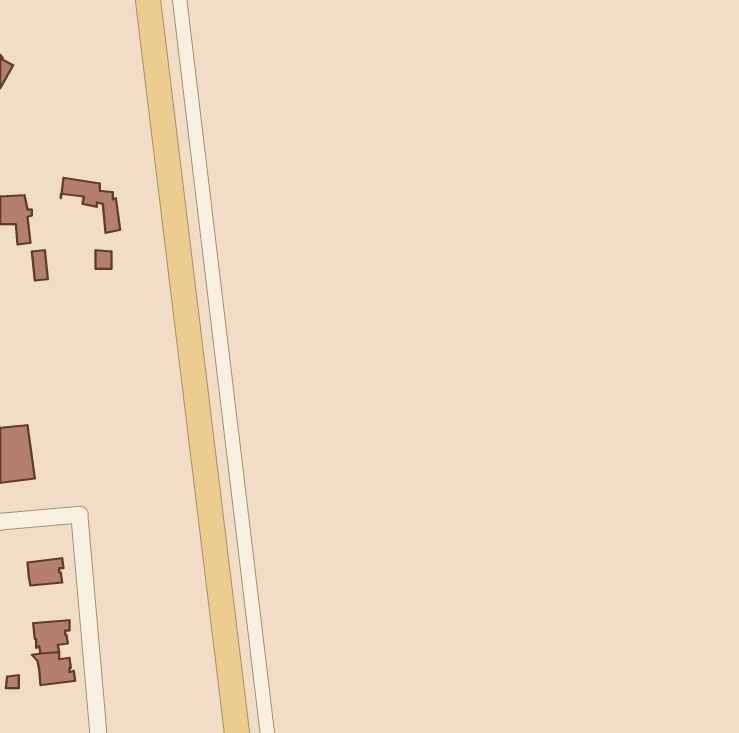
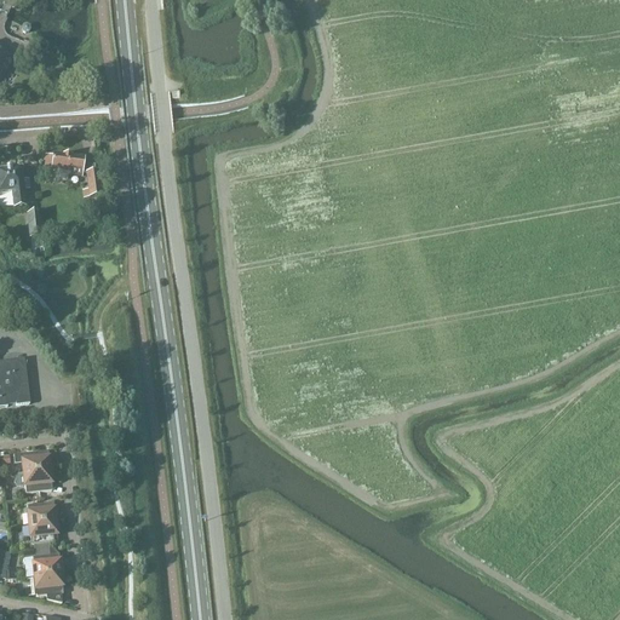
building: none -> [12,448,52,471]
building: none -> [27,500,58,522]
building: none -> [29,570,64,601]

